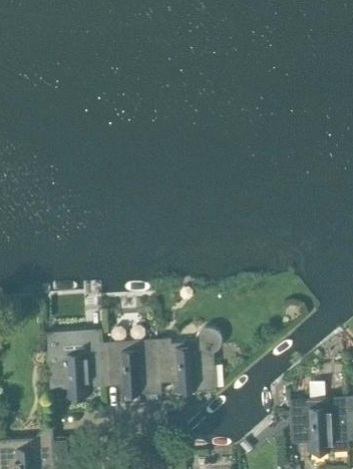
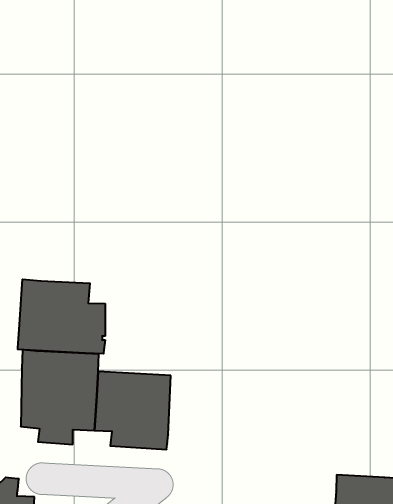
building: none -> [18,279,105,354]
building: [158,329,223,394] -> none

